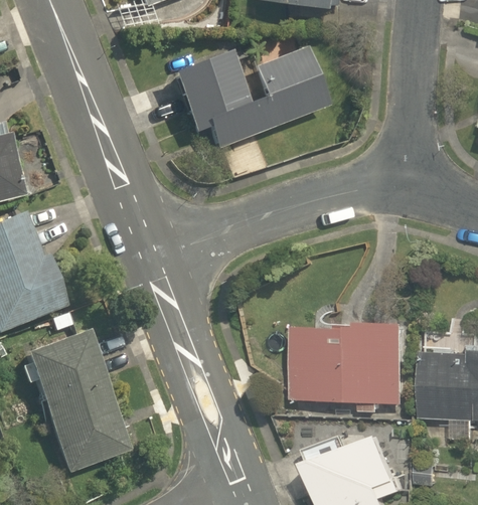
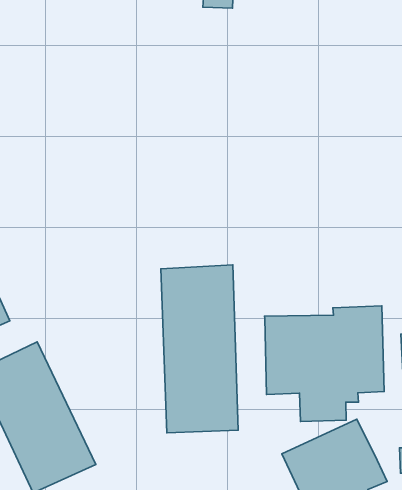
building: [169,48,326,150] -> none
building: none -> [161,265,238,433]

